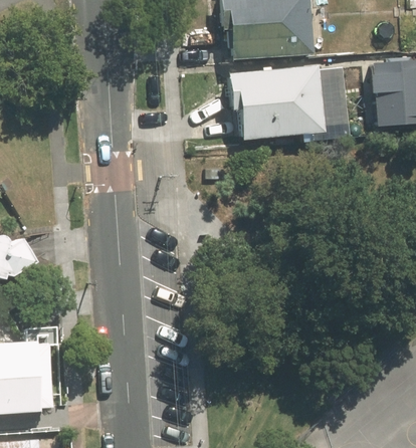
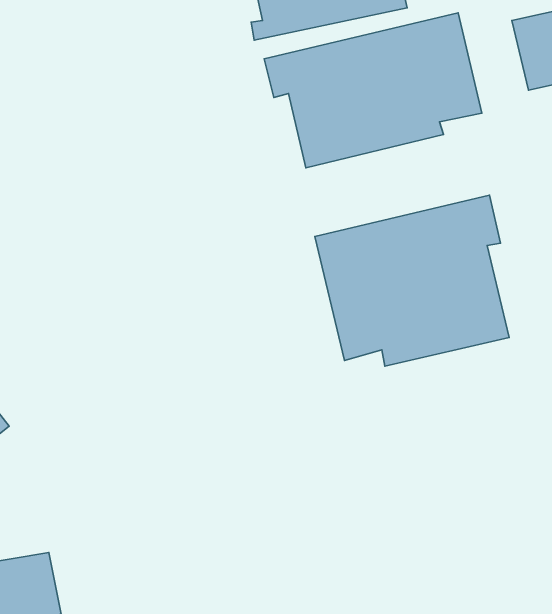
building: none -> [315,195,509,366]

